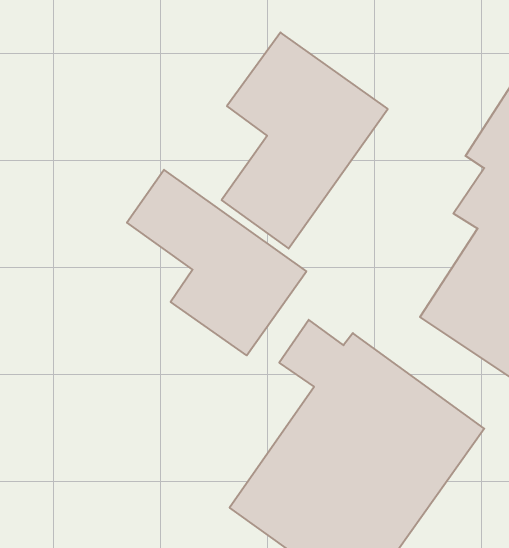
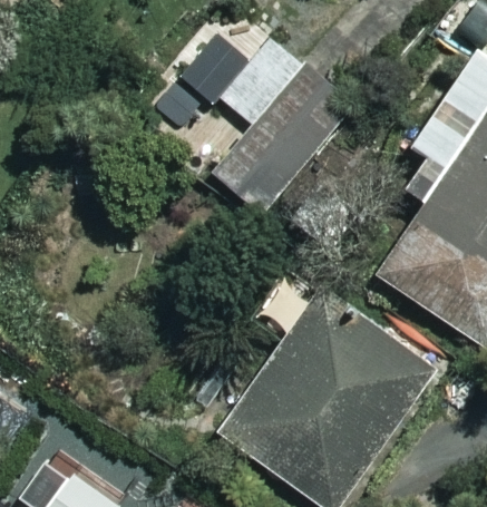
building: [127,170,306,355] -> none

